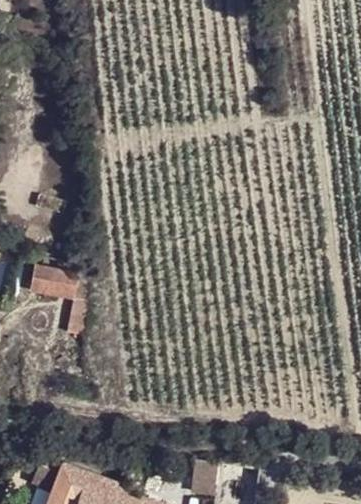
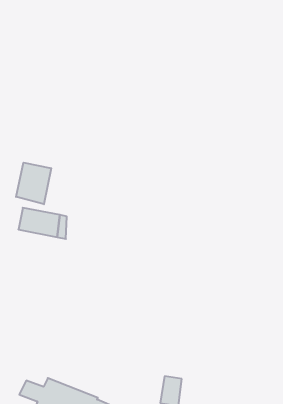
building: none -> [16,163,51,204]

